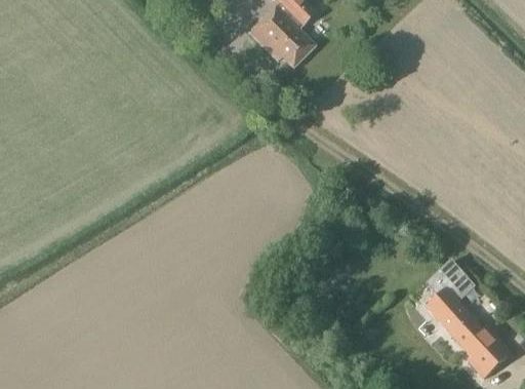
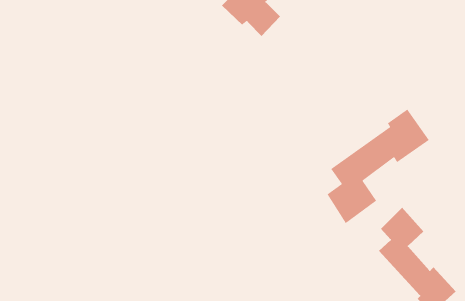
building: none -> [326,109,430,224]

